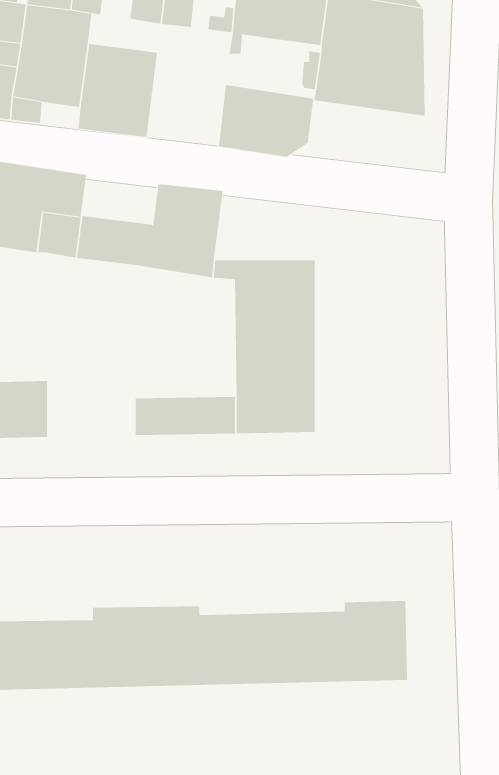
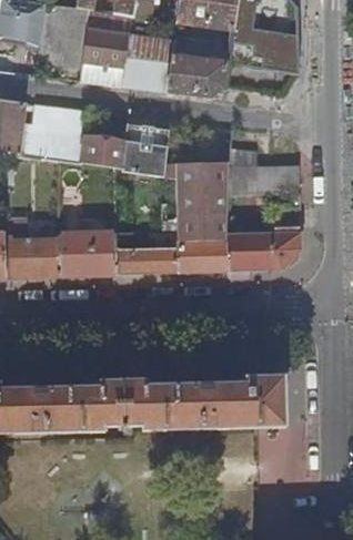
building: none -> [122,17,173,93]
building: none -> [228,147,301,195]
building: none -> [228,232,302,272]
building: none -> [60,234,114,275]

